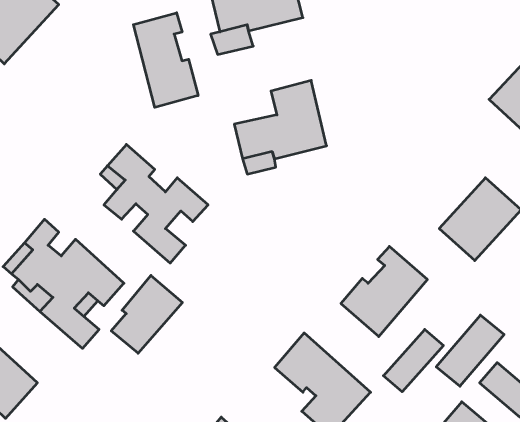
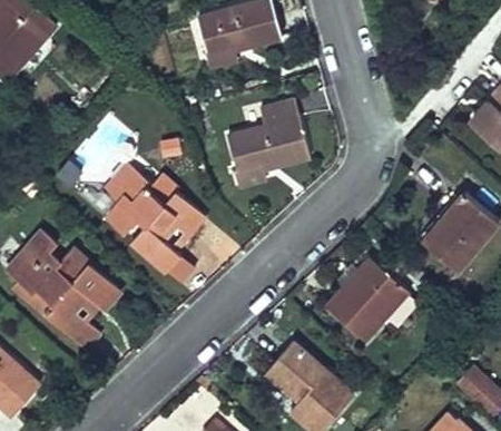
building: [133,13,198,107] -> none
building: [111,275,182,353] -> none
building: [436,315,504,386] -> none
building: [383,329,443,392] -> none

